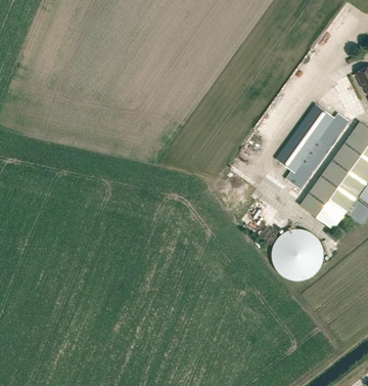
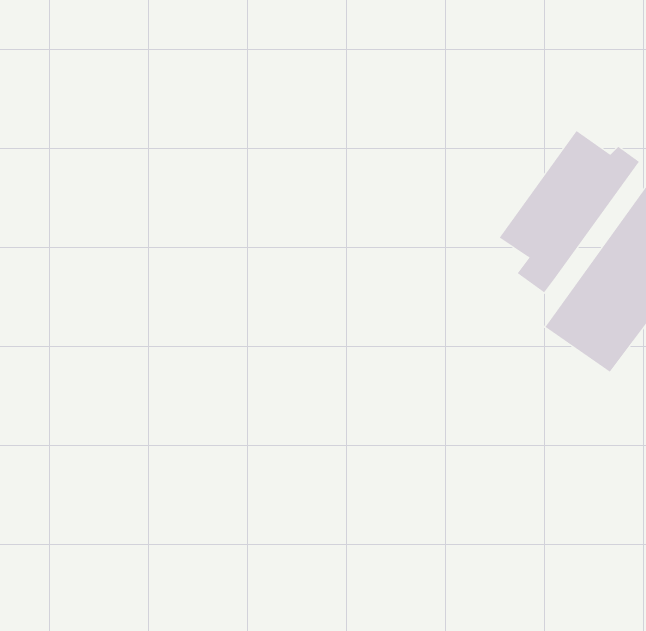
building: [272,229,323,281] -> none

